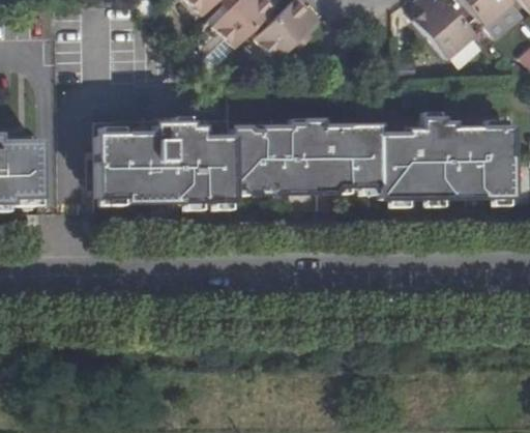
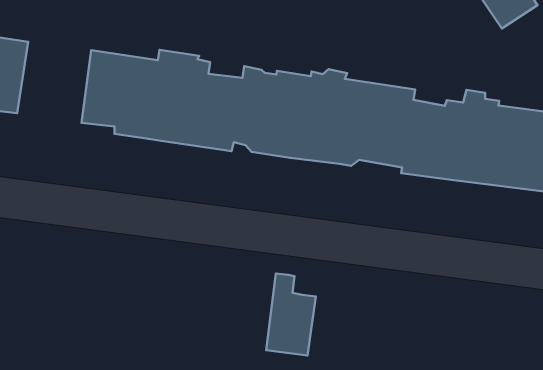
building: none -> [266,274,316,355]

